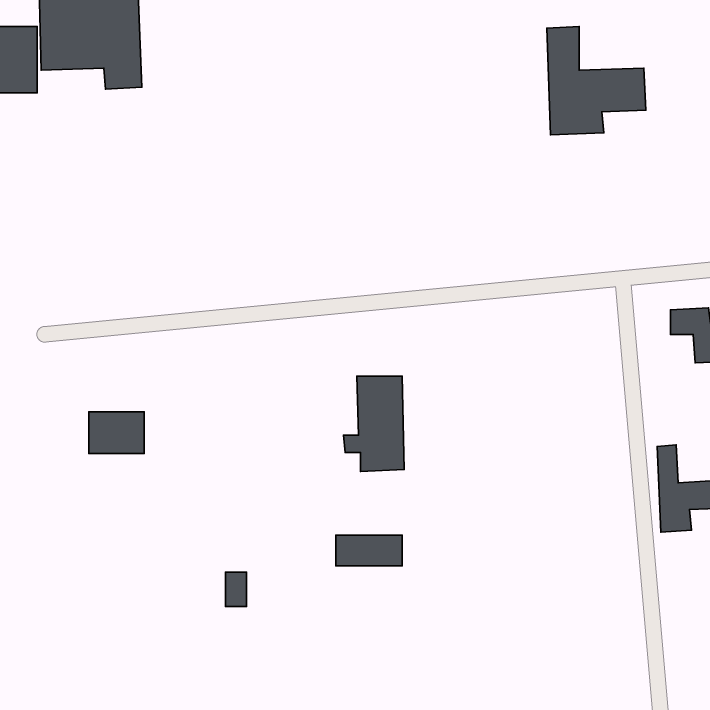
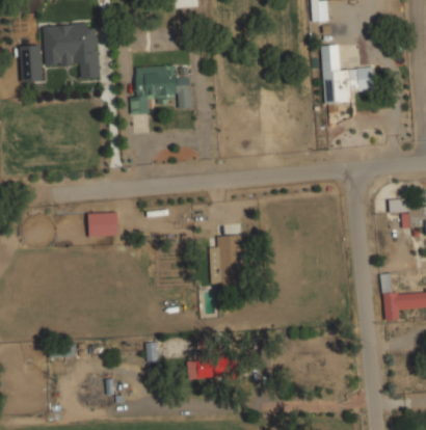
building: none -> [130,65,192,115]
building: [89,412,144,454] -> [88,213,118,236]
building: [336,535,402,566] -> [188,360,224,377]

